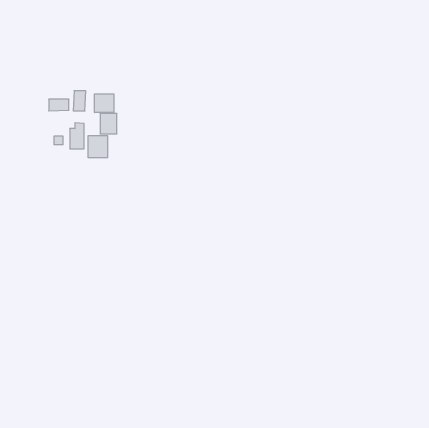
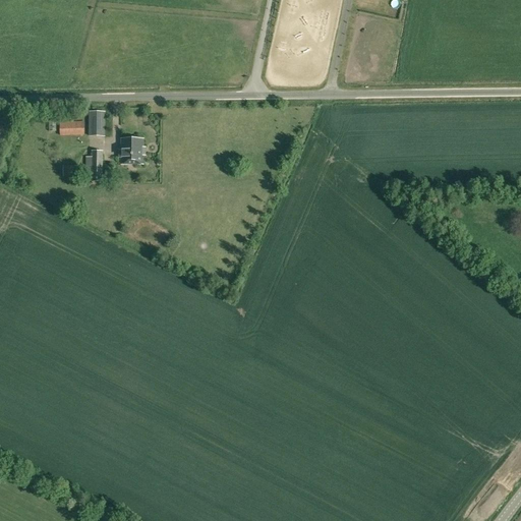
building: [95,94,114,113] -> none
building: [88,136,108,158] -> none

